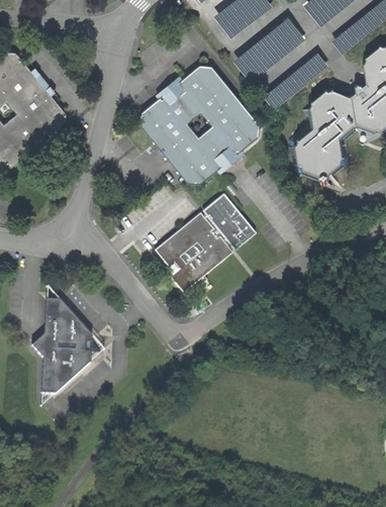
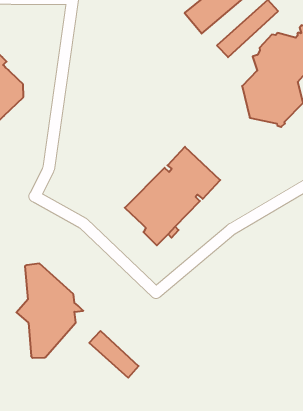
building: [140,65,260,184] -> none
building: none -> [89,331,139,378]

